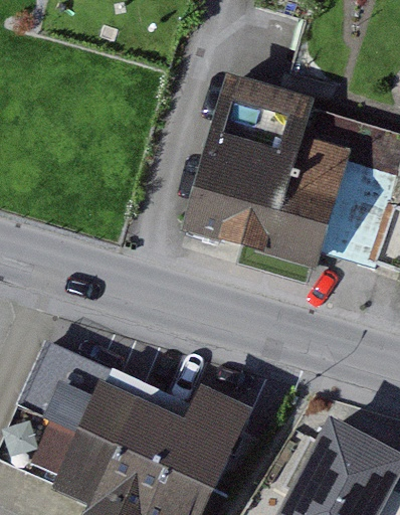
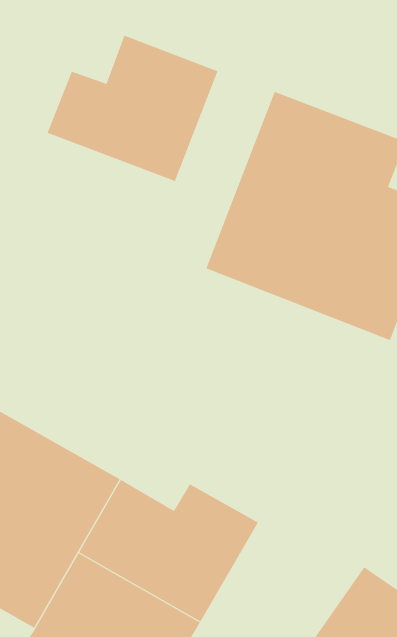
building: none -> [47,35,218,182]

